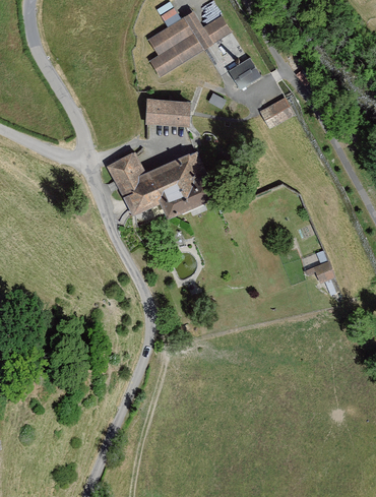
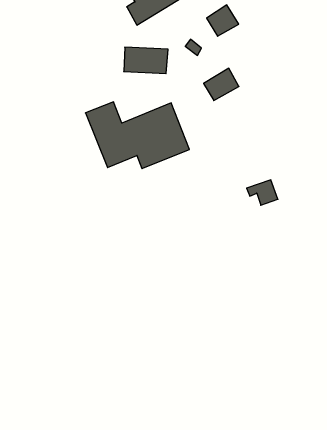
building: [260,95,296,127] -> [204,68,239,101]
building: [305,258,336,284] -> [247,180,278,205]

